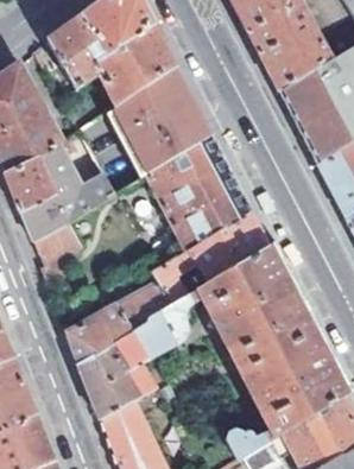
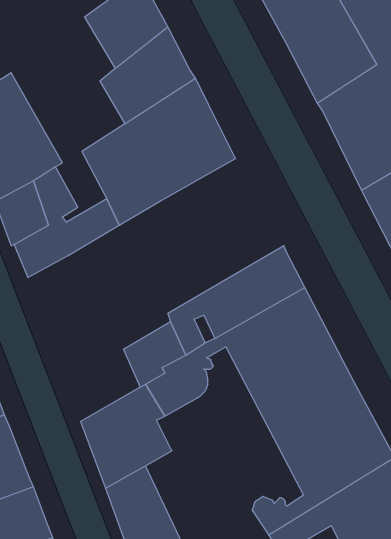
building: [48,18,108,90] -> none
building: [146,139,253,252] -> none
building: [33,222,82,287] -> none
building: [65,303,129,365] -> none

